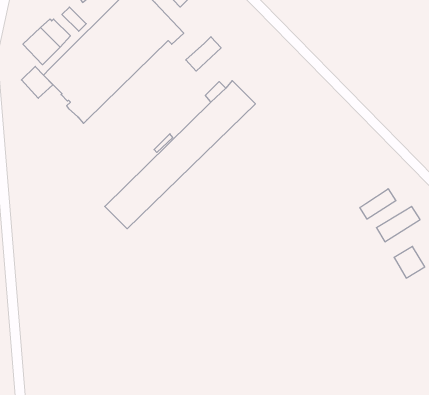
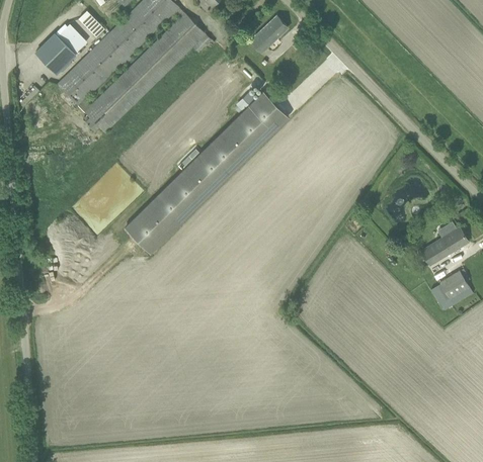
building: [186,37,221,71] -> [249,16,288,54]
building: [21,66,53,98] -> none
building: [360,189,396,219] -> none

